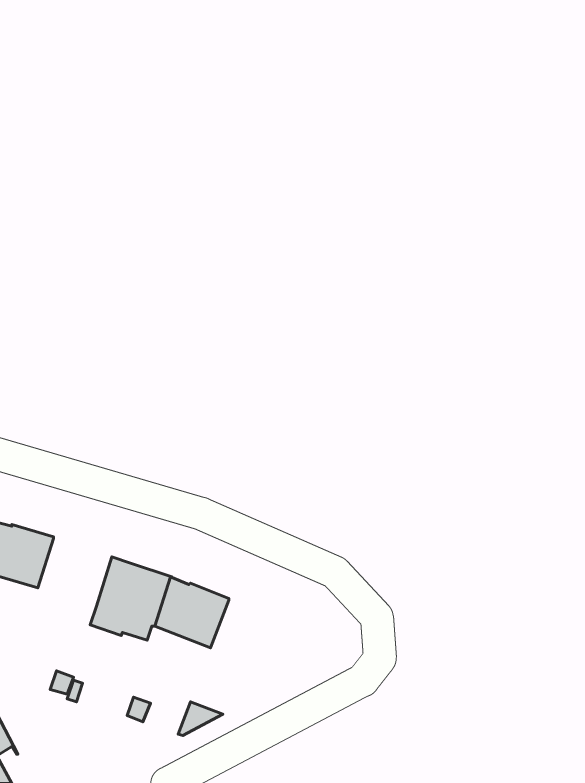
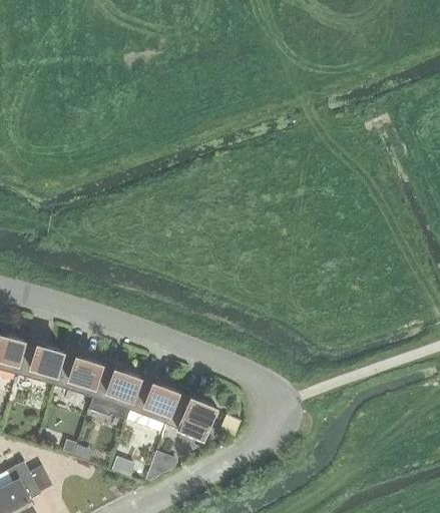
building: none -> [54,353,102,397]
building: none -> [166,393,216,439]

